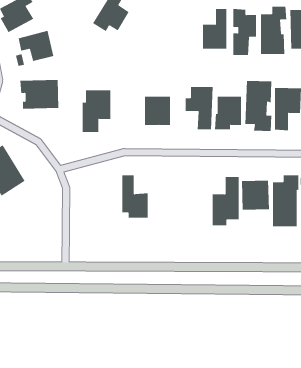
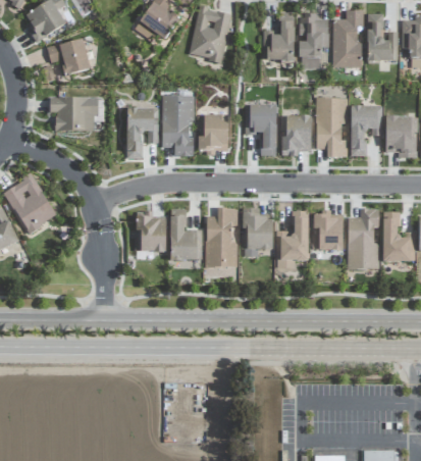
building: none -> [191,8,232,62]
building: none -> [162,96,194,157]
building: none -> [204,208,236,267]
building: none -> [241,208,273,258]
building: none -> [133,211,170,253]

